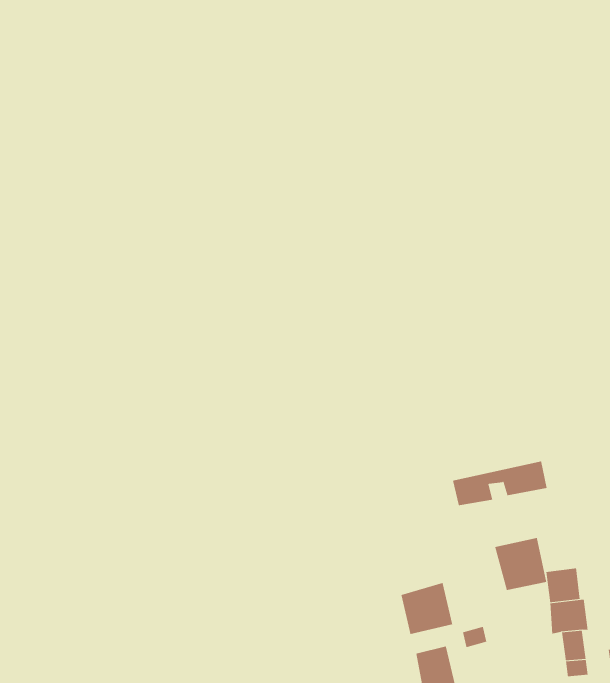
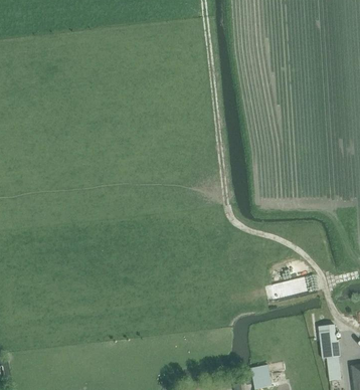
building: [495,537,547,591] -> none
building: [401,582,453,635] -> none

